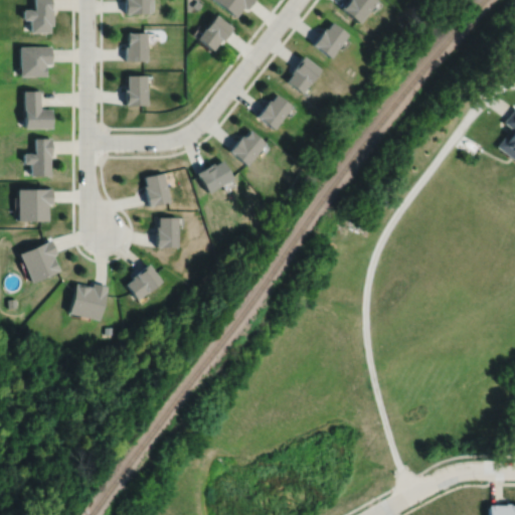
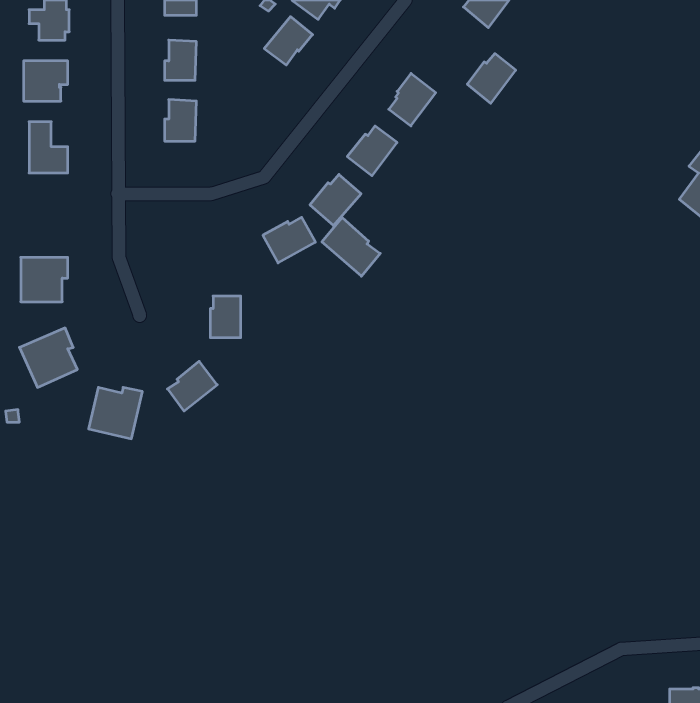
building: [314,22,349,58] -> [467,54,516,103]
building: [26,139,54,177] -> none
building: none -> [322,218,380,276]
building: [144,174,171,207] -> none

